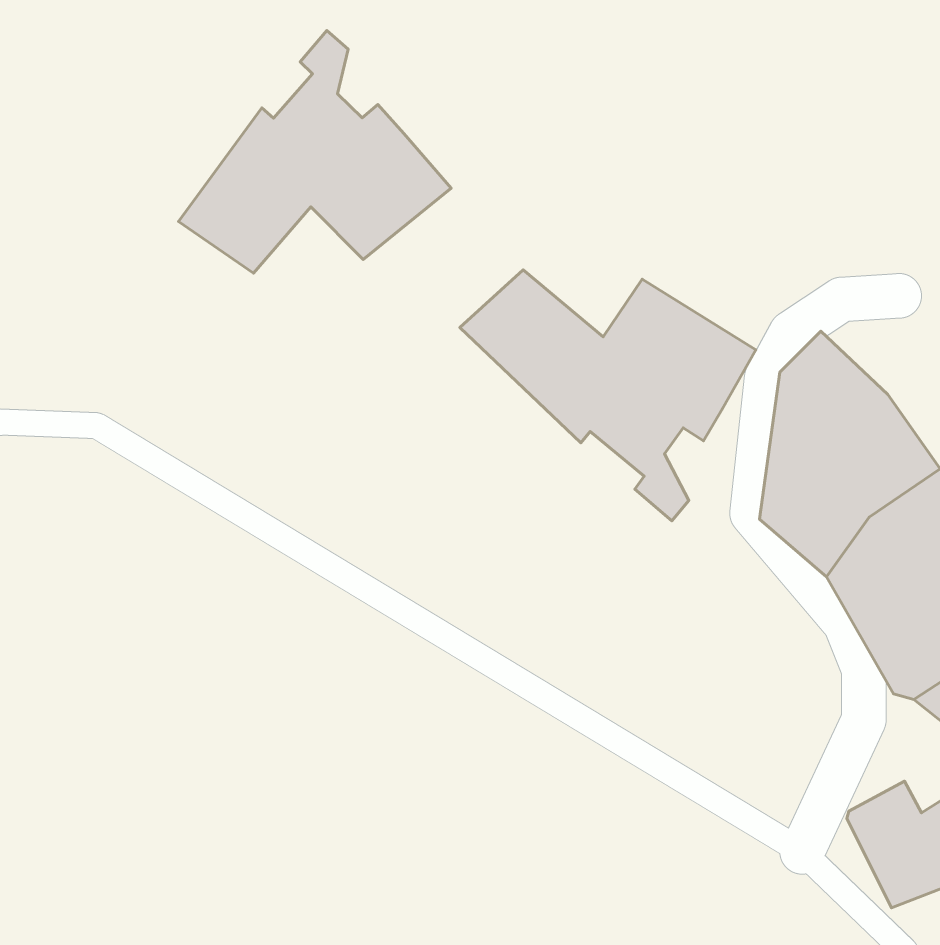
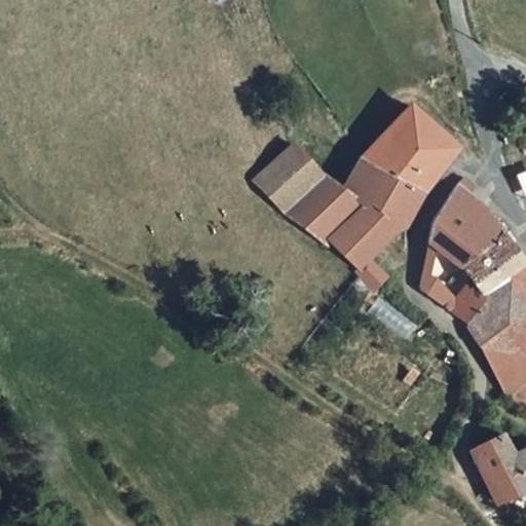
building: [178,31,451,273] -> none
building: none -> [361,102,456,196]

